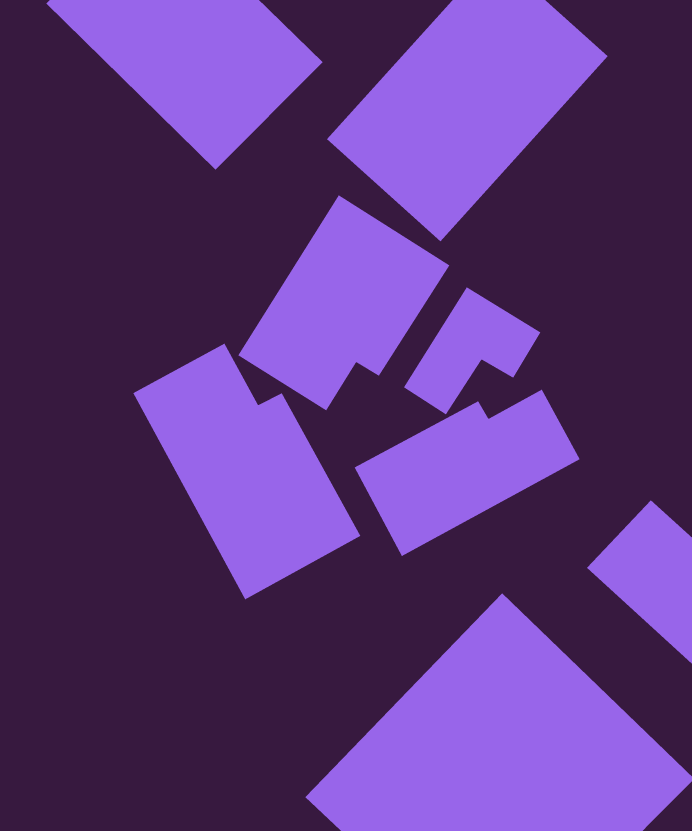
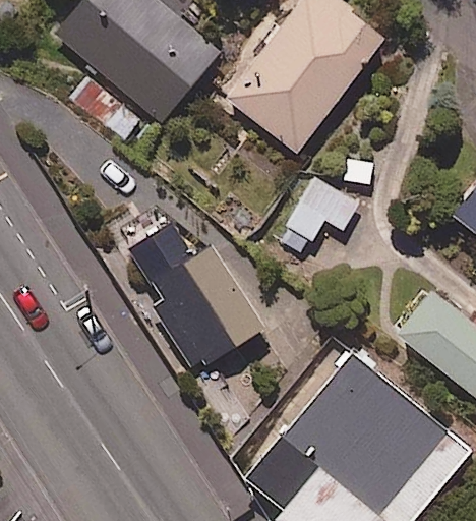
building: [237,194,451,411] -> none
building: [353,389,581,557] -> none

